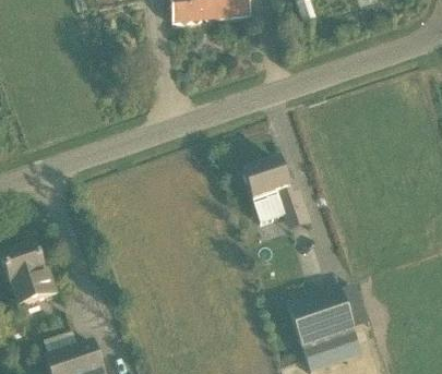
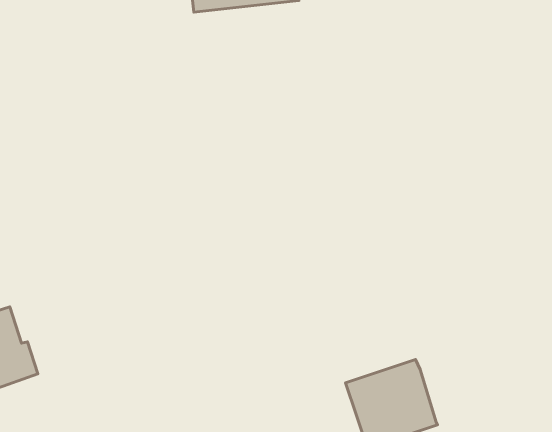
building: [243,159,307,222] -> none

